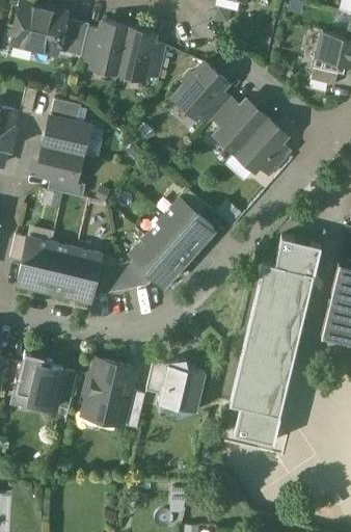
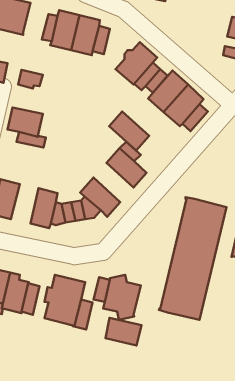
building: [56,20,88,61] -> none
building: [43,118,88,156] -> none
building: [145,218,196,268] -> [109,111,149,151]
building: [274,236,321,274] -> none
building: [40,245,76,295] -> none
building: [235,408,280,444] -> [106,318,141,345]

